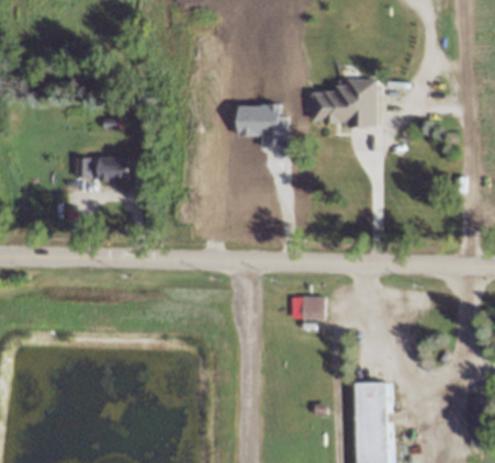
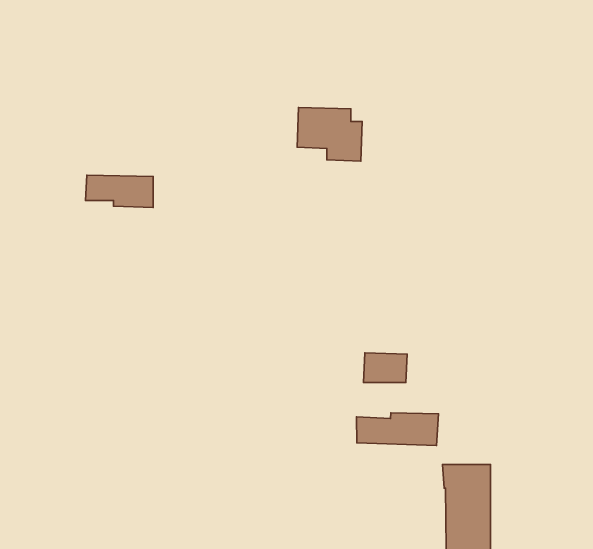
building: [315,79,380,126] -> none
building: none -> [357,413,438,446]

